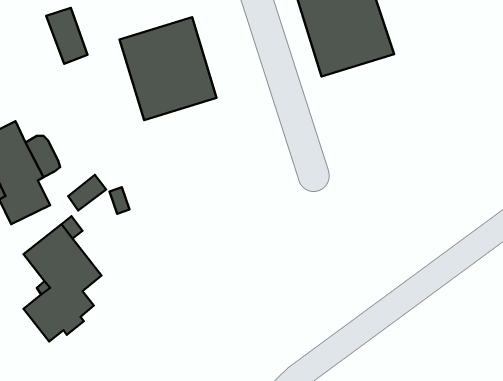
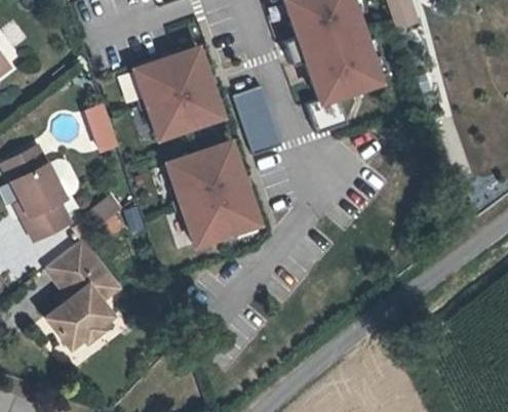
building: [46,8,88,64] -> [81,101,119,153]
building: none -> [231,86,279,153]
building: none -> [167,146,257,240]

